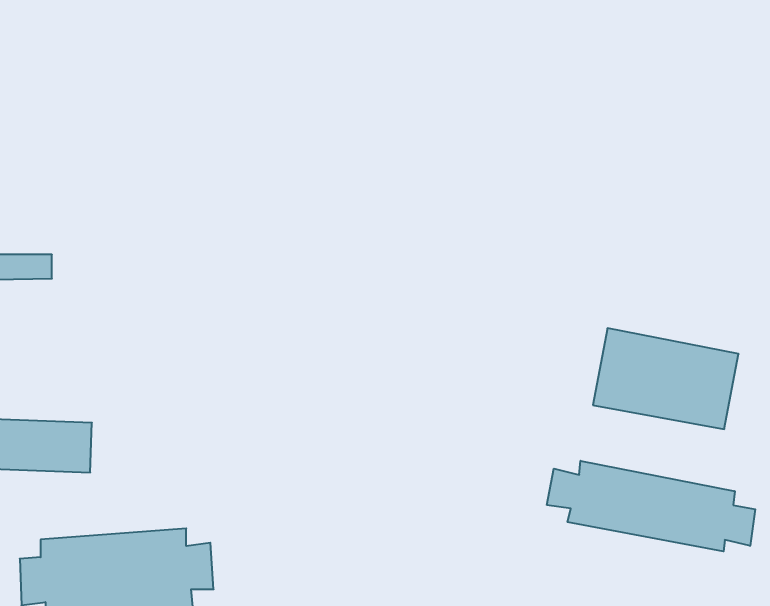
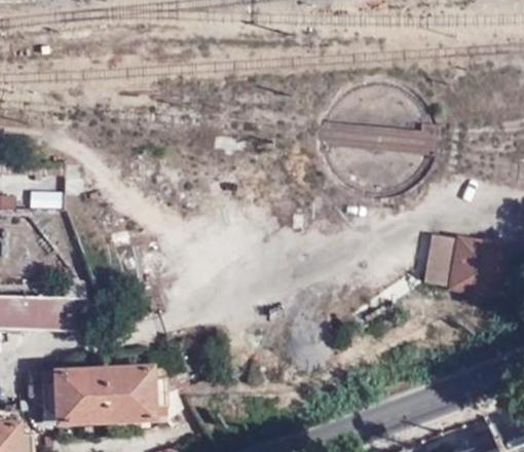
building: [547,461,755,551] -> none

